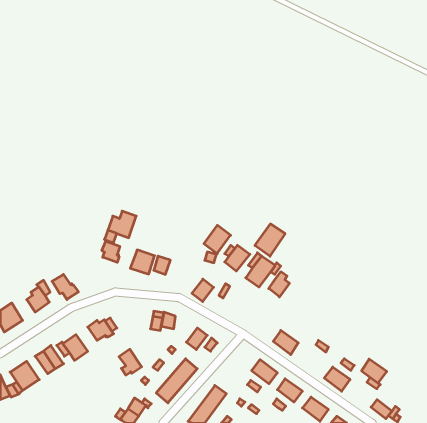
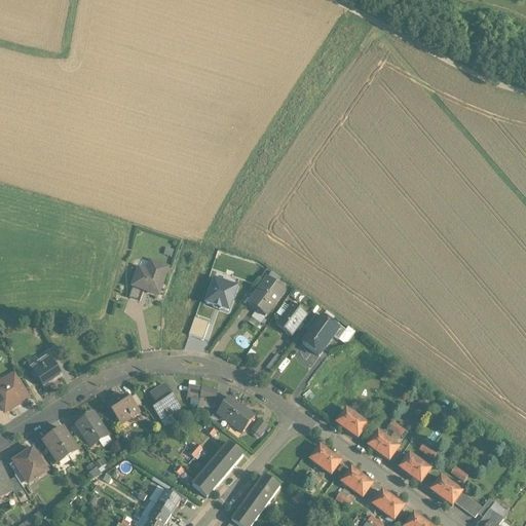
building: [255,224,285,256] -> none
building: [102,241,120,262] -> none
building: [130,250,155,274] -> [205,278,235,308]
building: [269,272,289,297] -> none
building: [52,274,78,300] -> none
building: [192,279,214,302] -> [216,393,242,421]
building: none -> [367,429,399,459]
building: [119,349,142,375] -> [151,382,179,414]
building: [362,359,387,383] -> [430,475,461,504]

